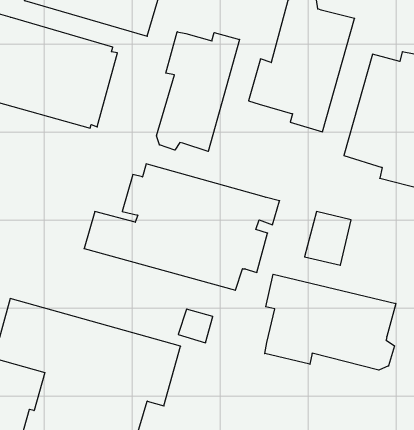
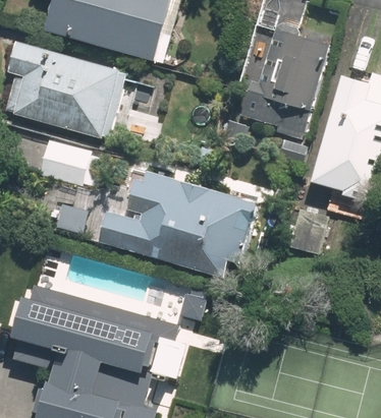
building: [157,32,240,151] -> none
building: [265,274,396,370] -> none

